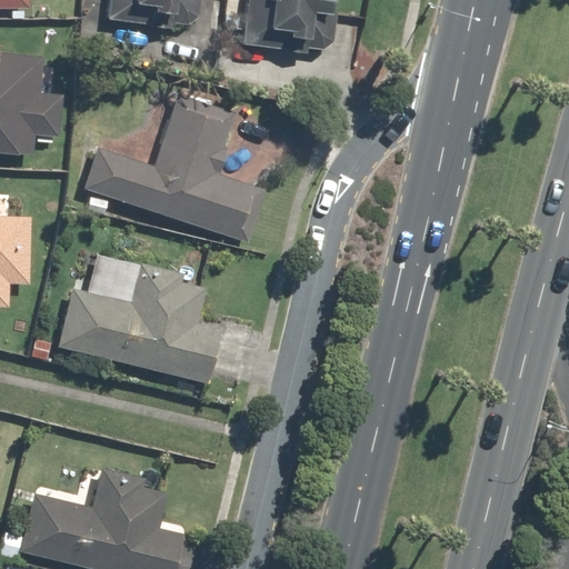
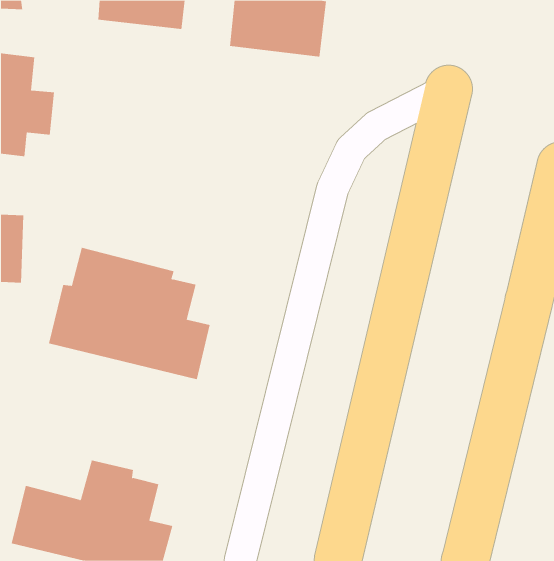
building: [82,93,264,243] -> none

